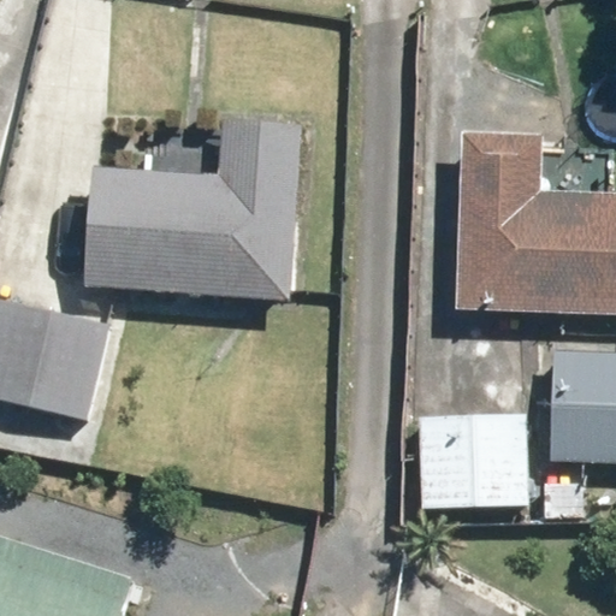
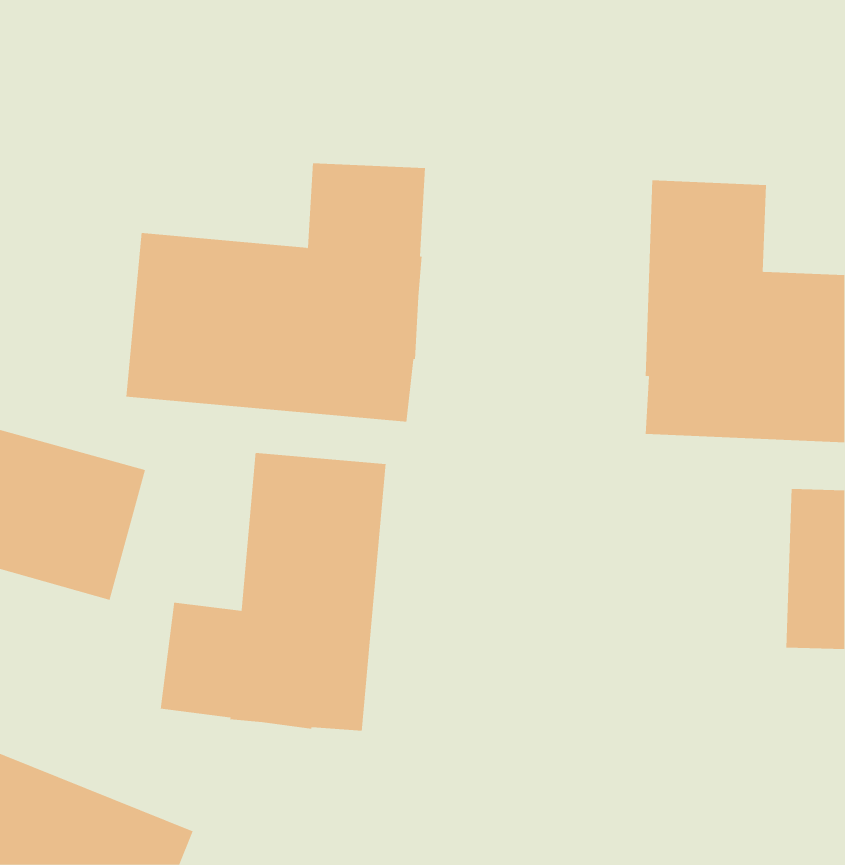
building: none -> [160,452,386,731]
building: [417,417,516,504] -> none

